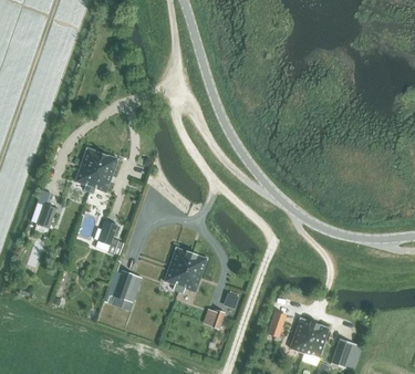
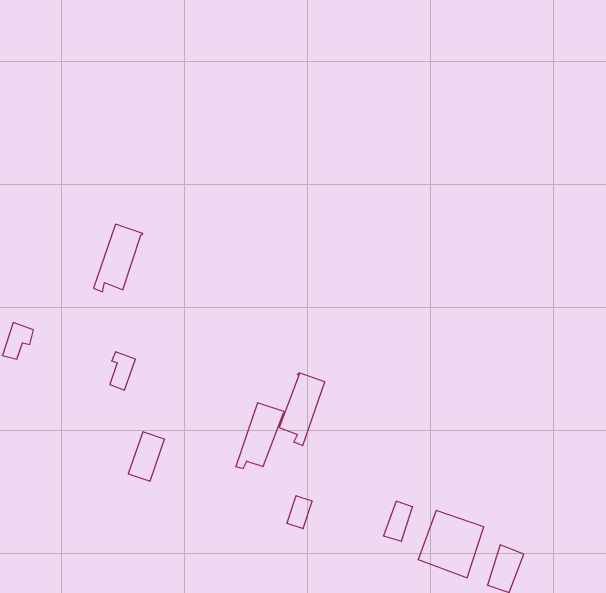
building: [79,139,105,184] -> none
building: [164,248,191,292] -> [279,373,325,446]

